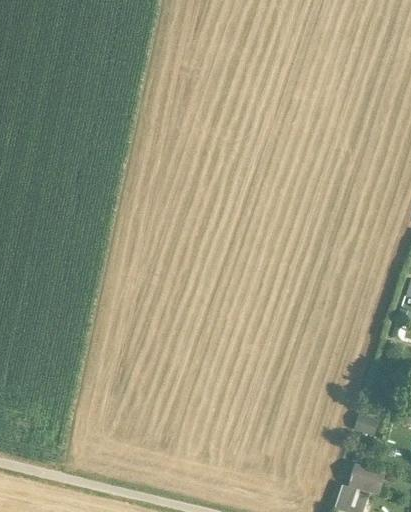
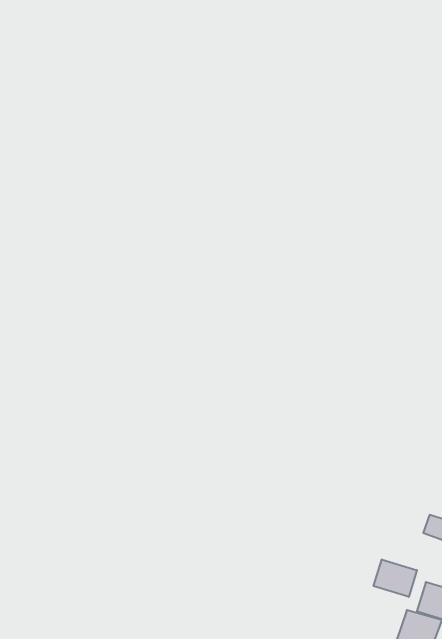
building: none -> [374,559,417,597]

